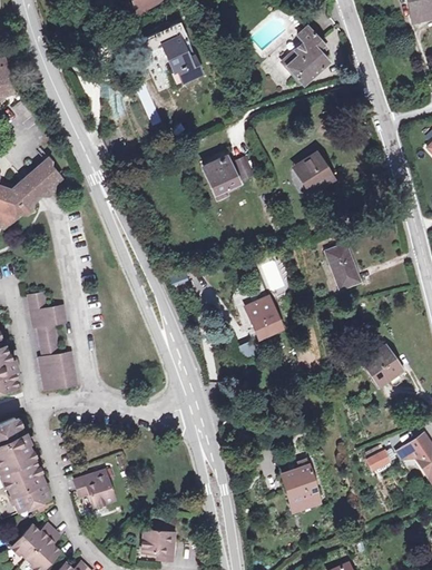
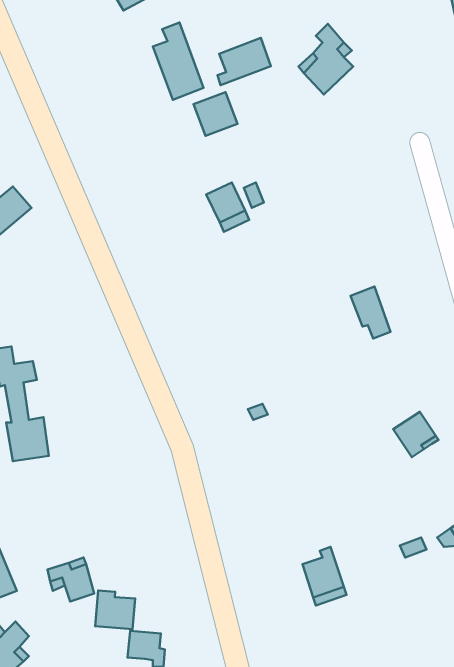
building: none -> [217,38,271,85]
building: none -> [194,92,237,136]
building: [297,156,330,190] -> none
building: [245,296,281,338] -> none
building: none -> [95,590,135,629]

